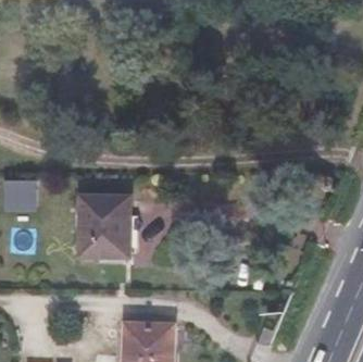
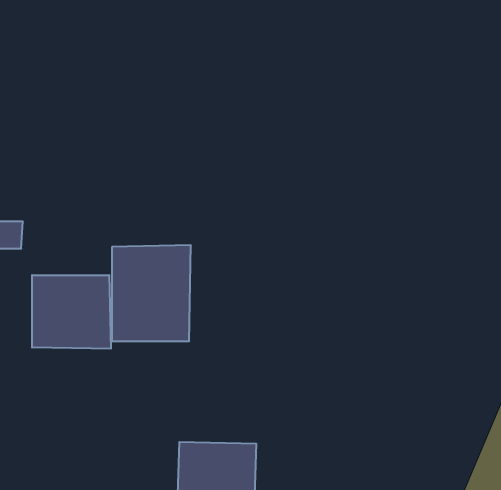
building: none -> [32,275,111,349]

